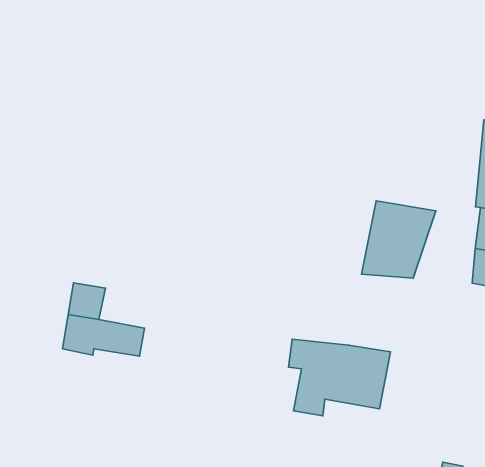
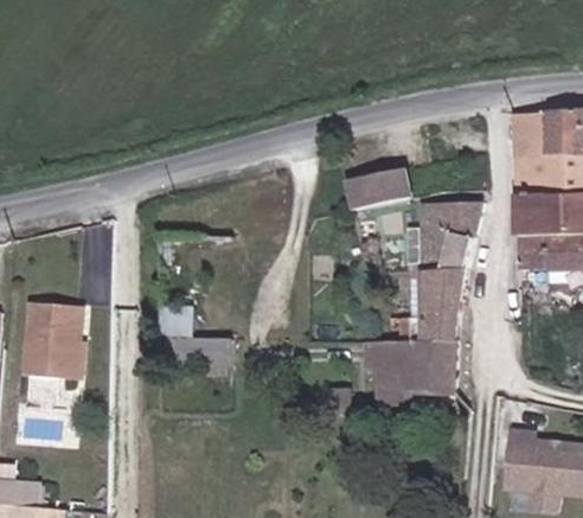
building: none -> [342,173,409,218]
building: none -> [416,268,467,338]

